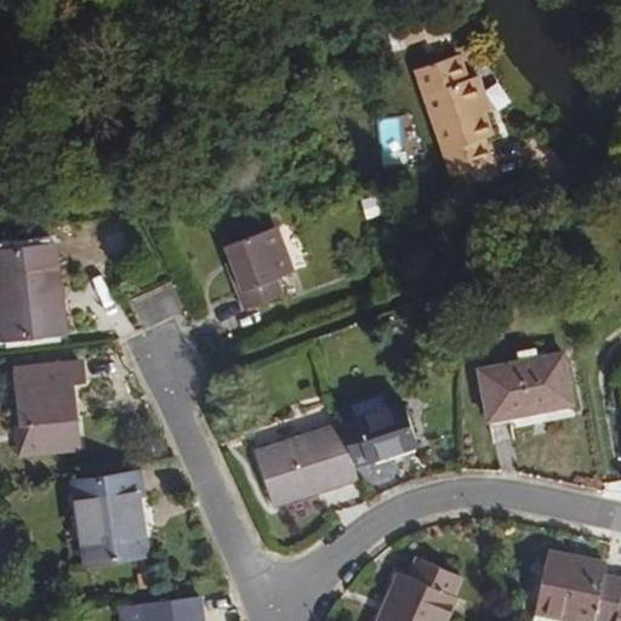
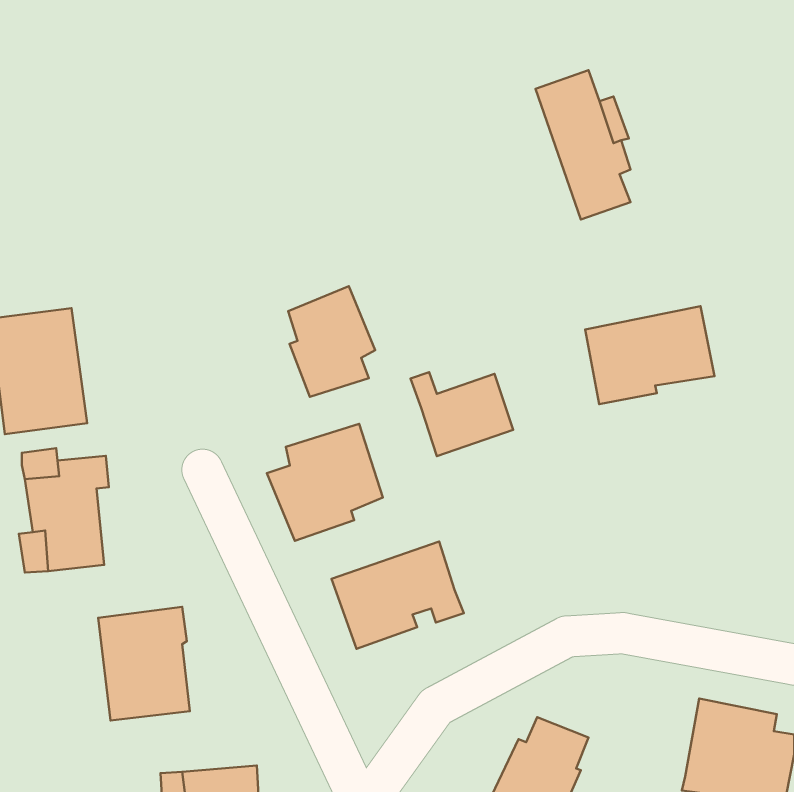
building: none -> [267,424,383,541]
building: [469,351,570,427] -> [585,306,714,404]
building: [334,397,414,462] -> [410,372,513,456]

